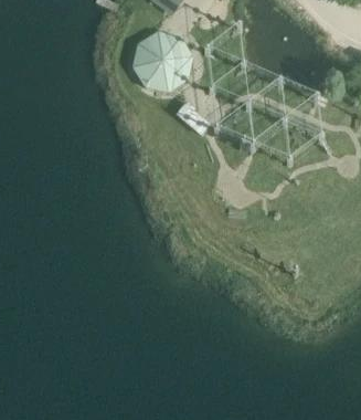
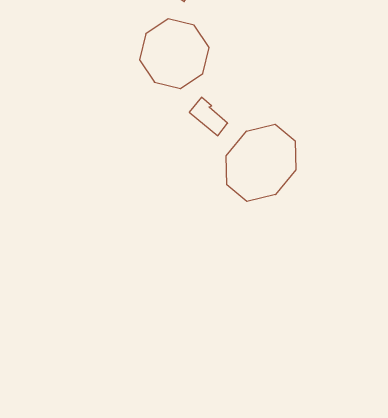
building: none -> [226,124,296,201]

